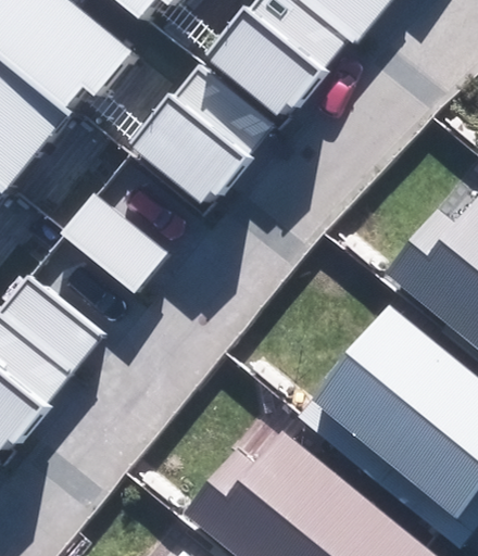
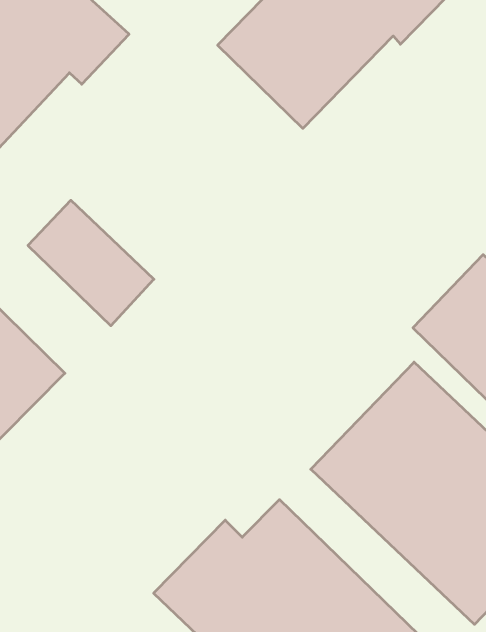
building: [127,63,274,211] -> none

